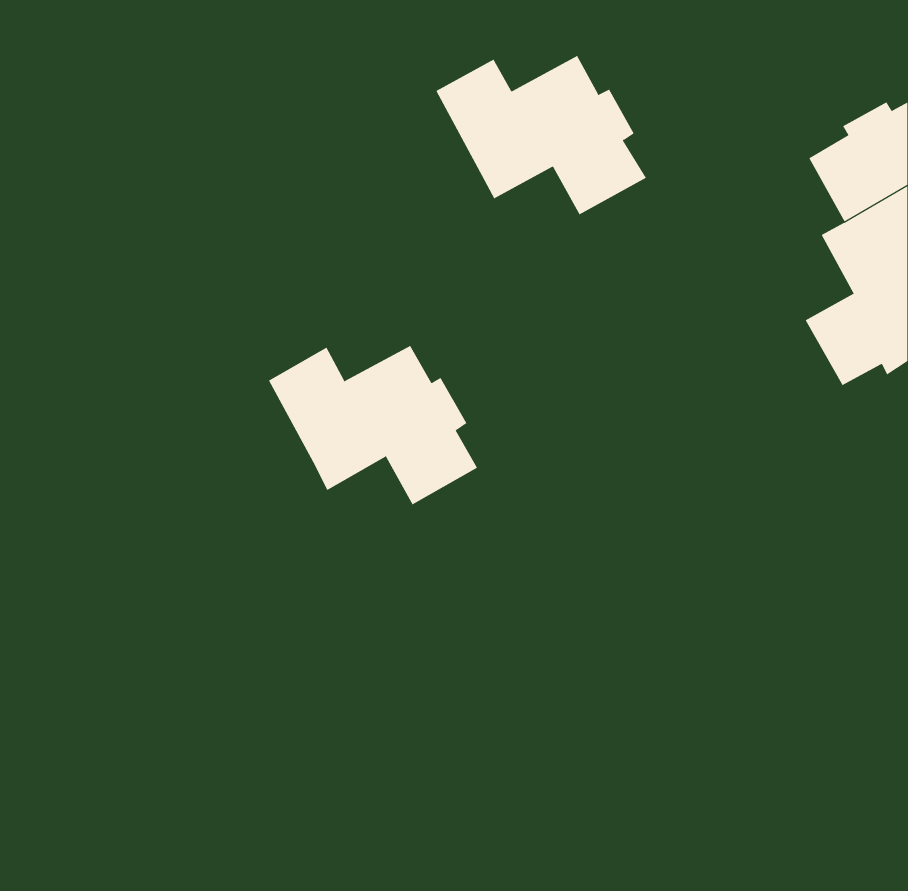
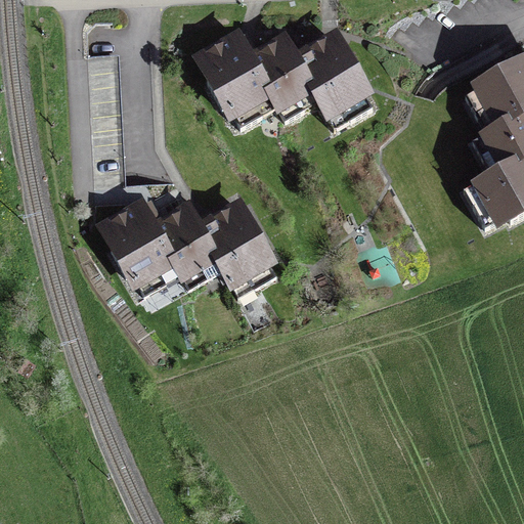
building: none -> [201,30,277,123]
building: none -> [104,196,181,290]

